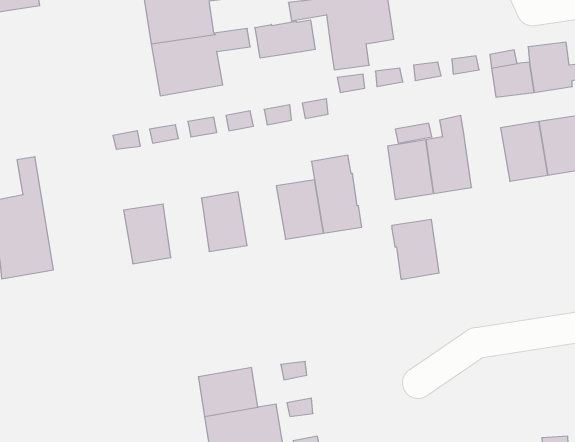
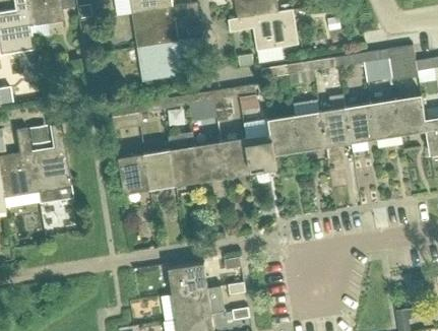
building: [255,20,315,58] -> none
building: none -> [345,104,375,143]
building: none -> [194,142,226,182]
building: none -> [144,150,175,190]
building: [392,219,439,279] -> [267,116,299,155]

